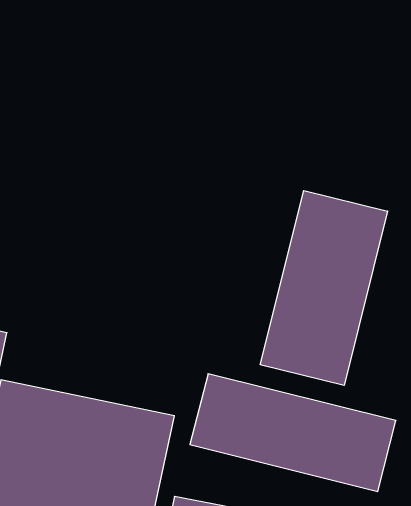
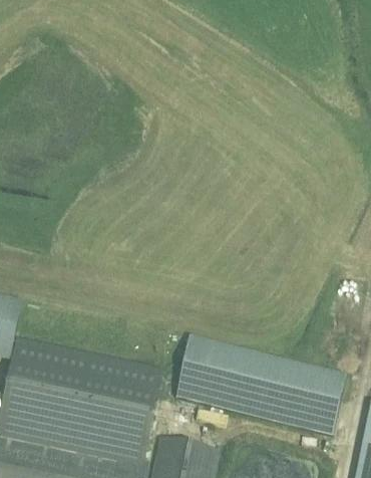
building: [260,191,388,385] -> none

